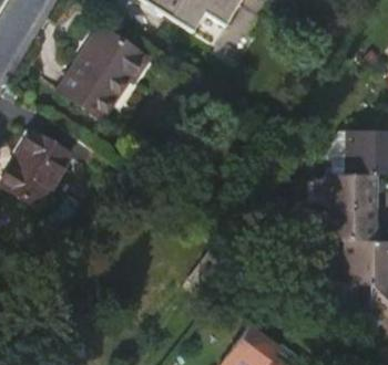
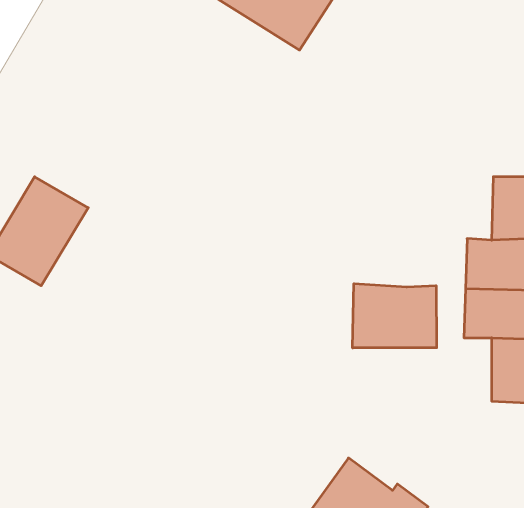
building: [61,28,149,112] -> none
building: none -> [353,284,437,348]

